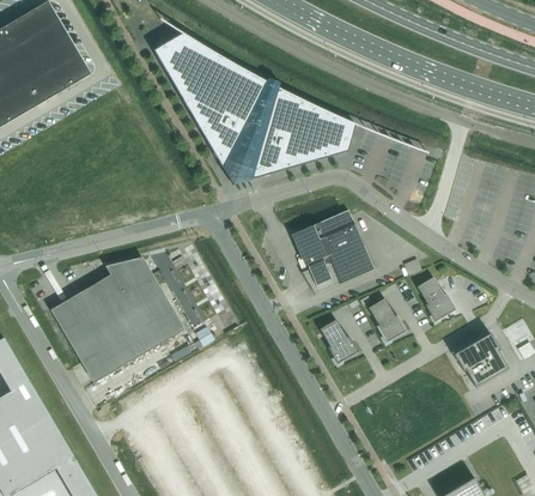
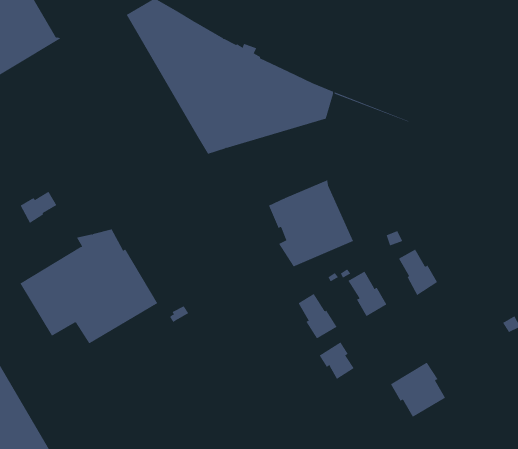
building: none -> [20,191,57,224]
building: [454,332,507,386] -> [390,362,446,418]
building: [81,347,117,381] -> none
building: none -> [319,341,354,380]

